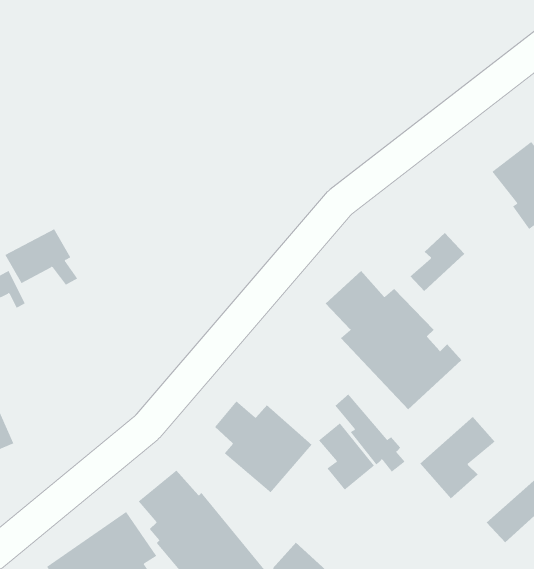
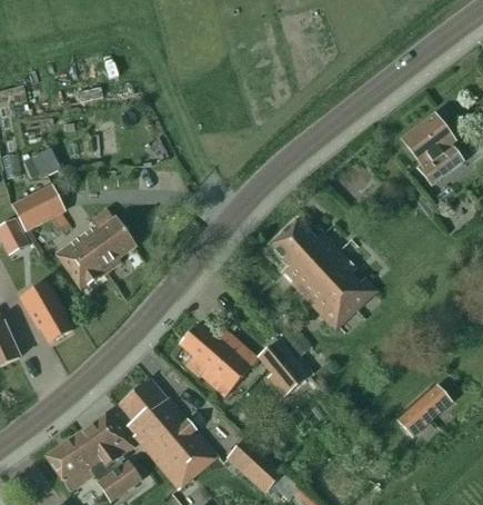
building: none -> [21,148,60,178]
building: [410,232,465,292] -> none
building: none -> [54,217,135,290]
building: none -> [20,281,71,341]
building: [420,416,496,499] -> none

